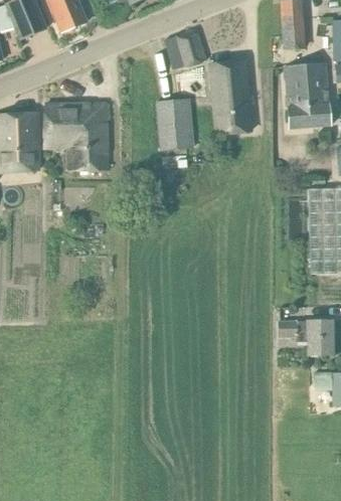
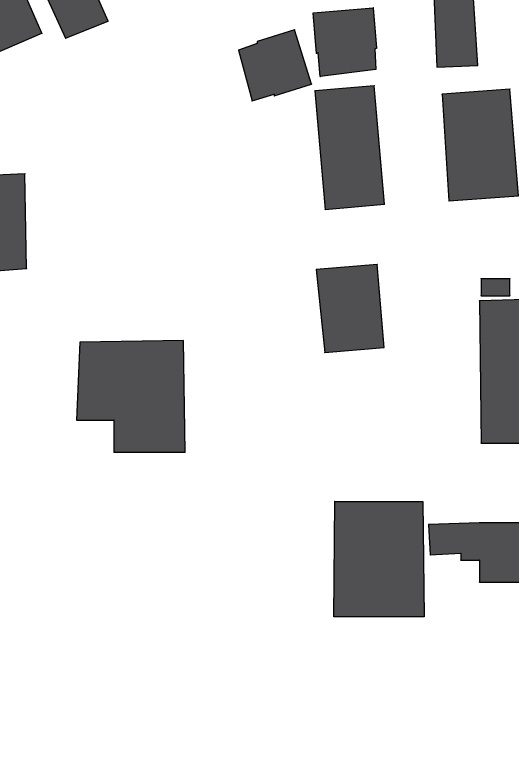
building: none -> [313,8,377,77]
building: [154,98,194,150] -> [316,264,384,353]
building: [43,102,108,168] -> [77,341,185,452]
building: none -> [334,501,424,617]

